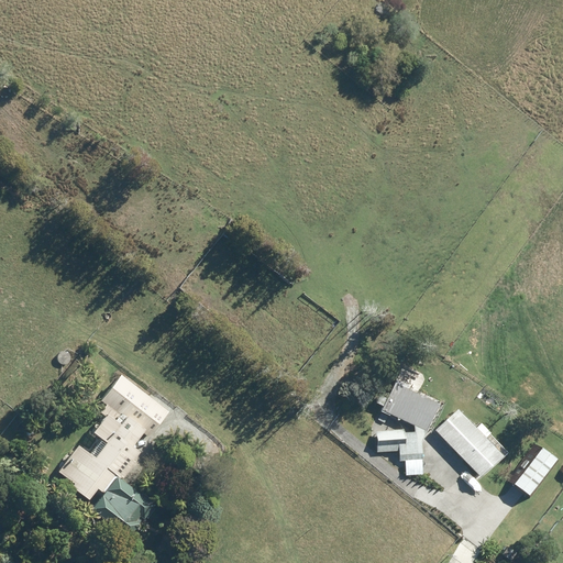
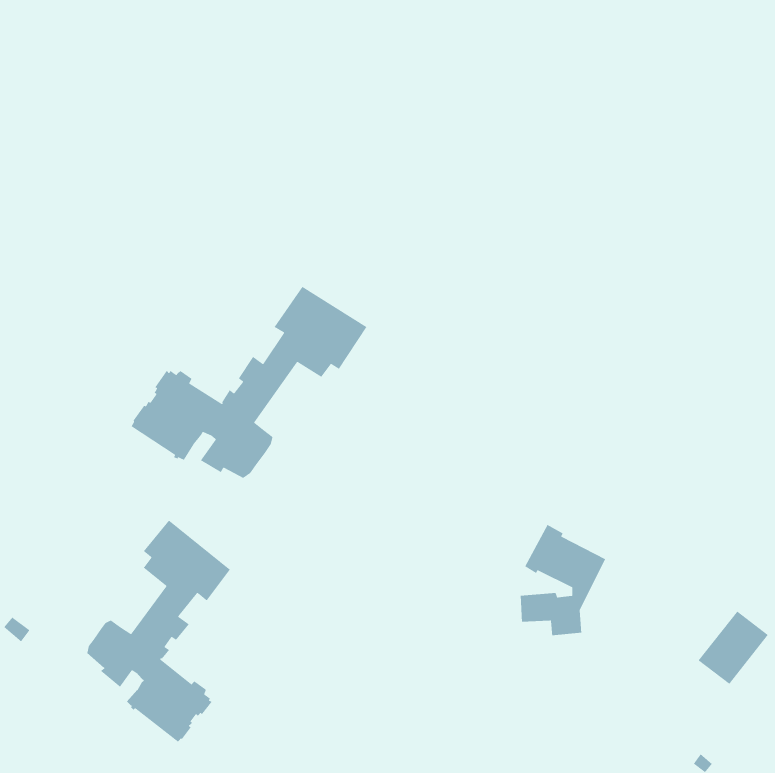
building: none -> [130,286,367,479]
building: [434,408,507,477] -> none

